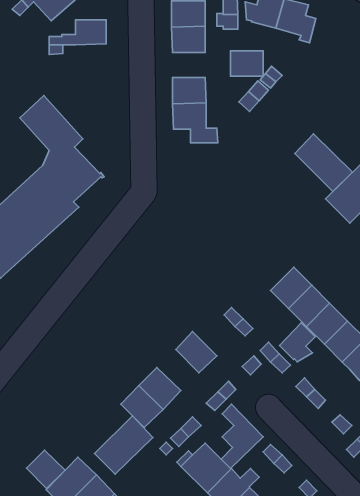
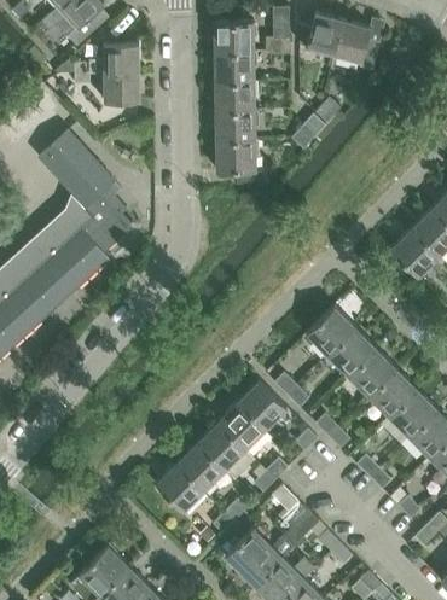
building: none -> [104,72,140,103]
building: [230,51,263,76] -> [215,82,252,111]
building: [295,134,352,192] -> none
building: none -> [306,307,354,355]
building: none -> [238,381,286,430]
building: [280,323,315,362] -> none
building: none -> [197,423,245,470]
building: [95,416,153,474] -> none
building: [27,450,65,489] -> none

